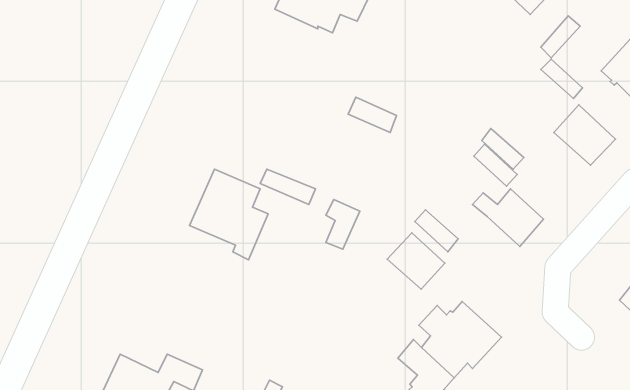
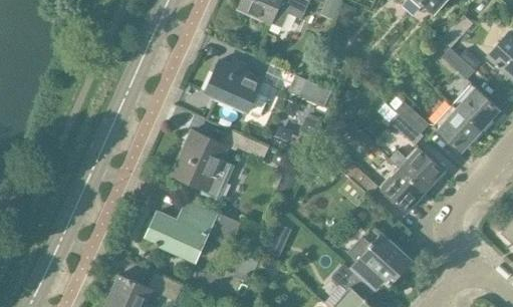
building: none -> [205,61,267,115]
building: none -> [433,104,479,150]
building: [387,233,445,289] -> [380,169,425,212]
building: none -> [147,201,240,259]

